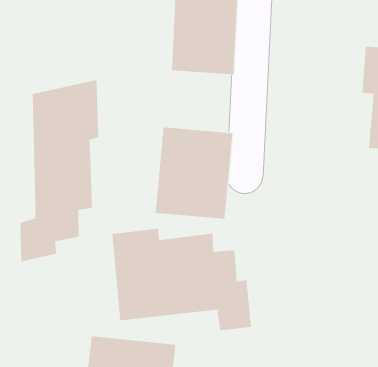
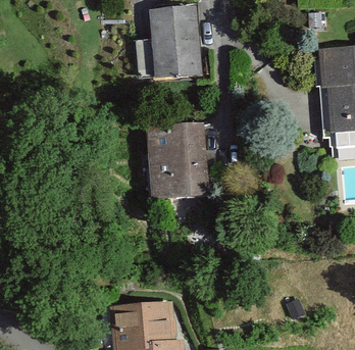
building: [20,79,99,262] -> none
building: [112,228,251,331] -> none

